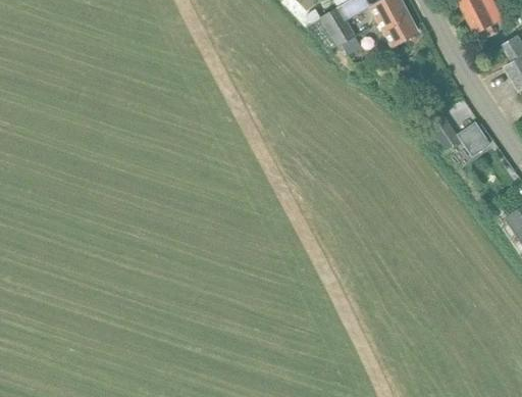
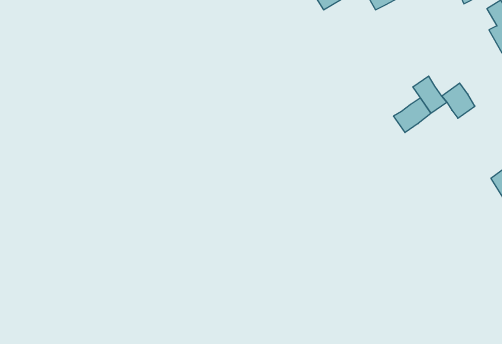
building: none -> [394,98,431,133]

